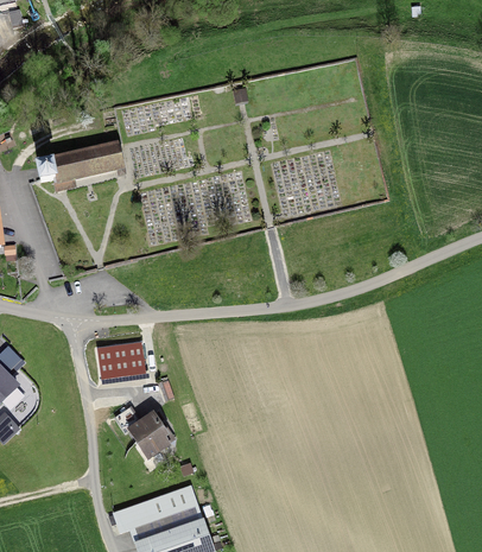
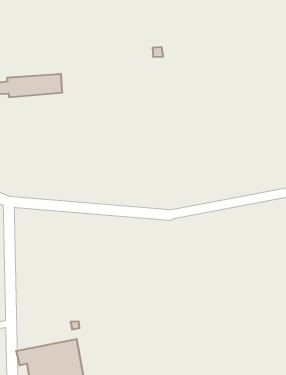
building: [97,340,146,377] -> none
building: [115,407,167,456] -> none

